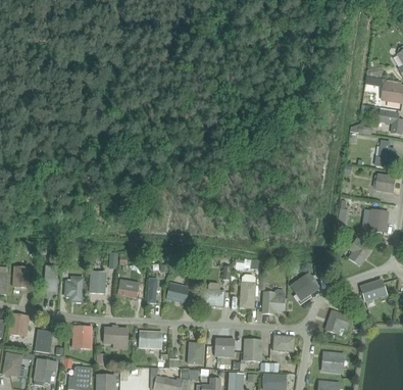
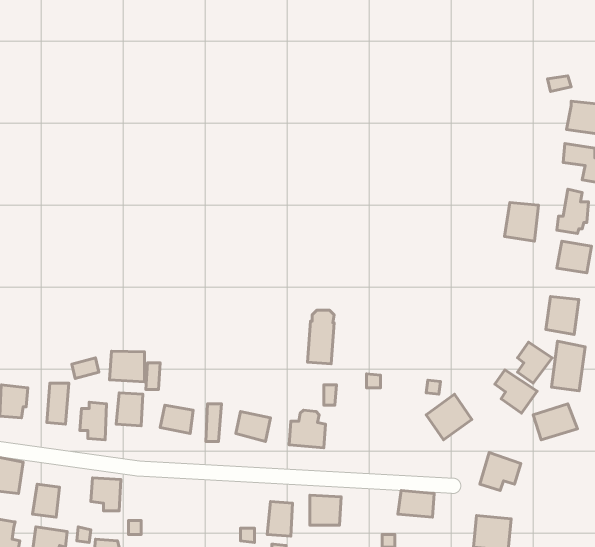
building: none -> [505,203,539,241]
building: none -> [552,341,585,391]
building: none -> [110,351,145,382]
building: none -> [495,370,537,413]
building: [239,275,256,309] -> [307,310,334,364]
building: [261,290,285,314] -> none
building: [103,328,129,344] -> none
building: [138,331,162,349] -> none
building: [243,339,262,361] -> none

